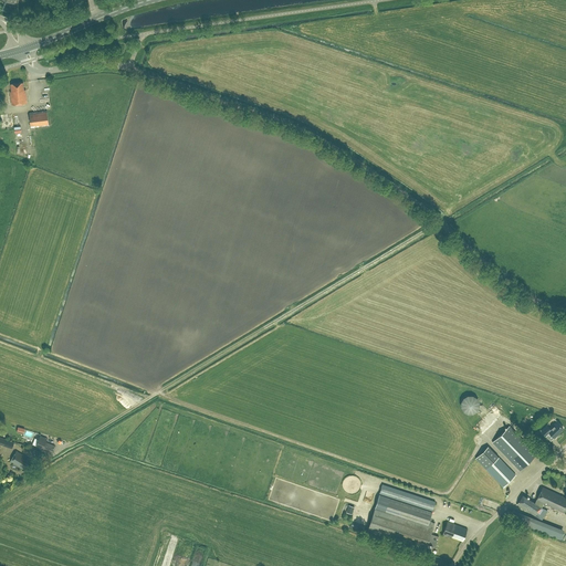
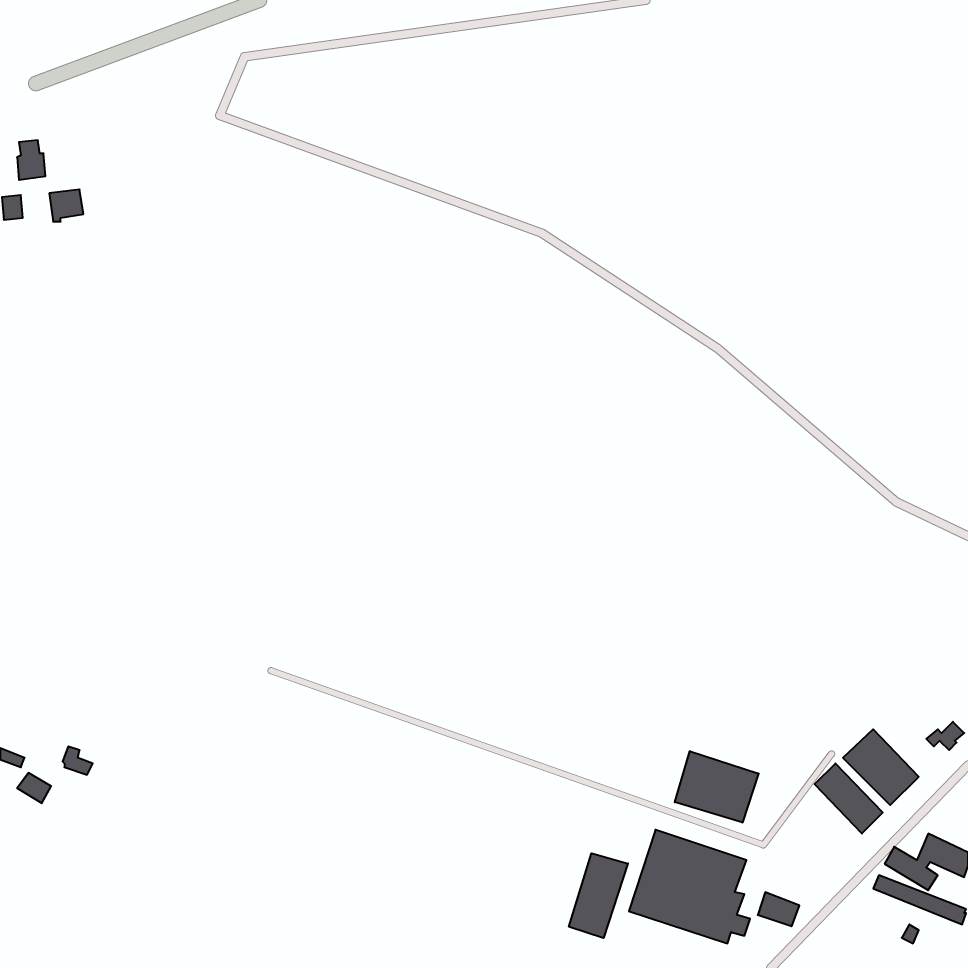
building: none -> [675,751,759,823]
building: none -> [569,853,628,938]

